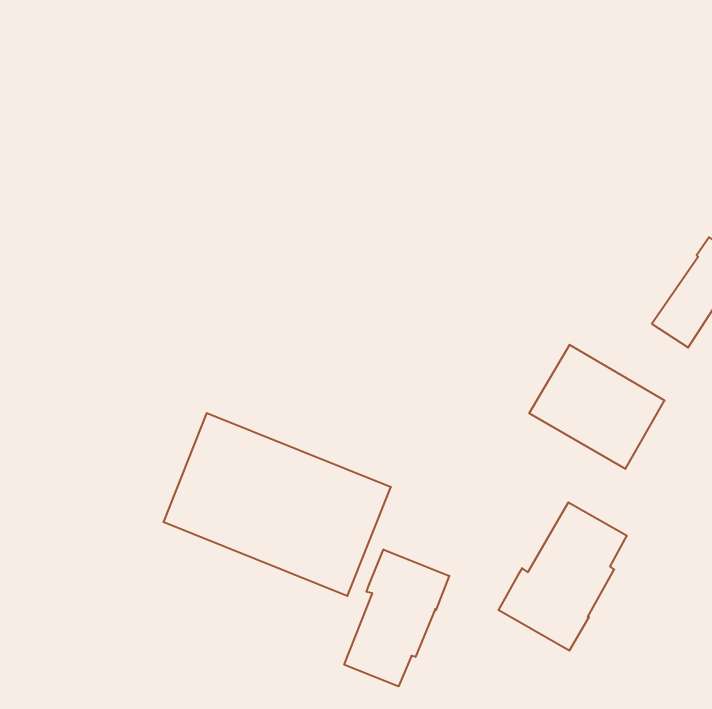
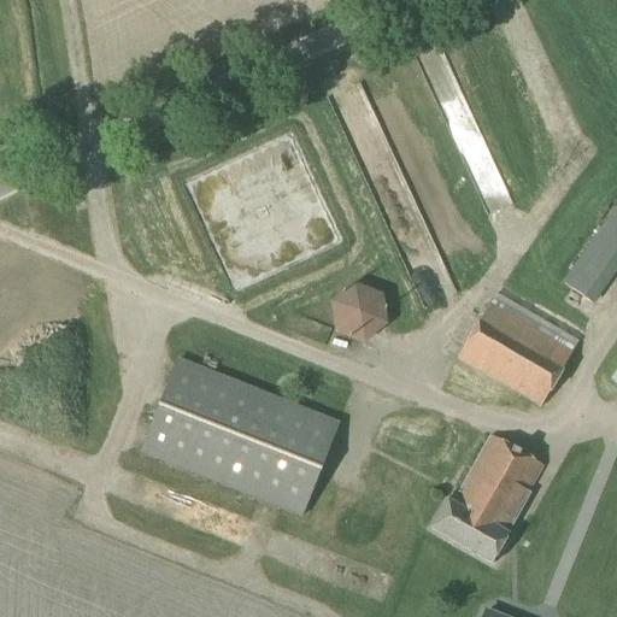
building: none -> [331,281,388,342]
building: [344,549,449,686] -> none

